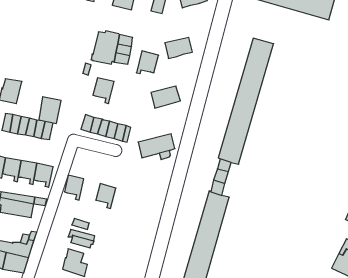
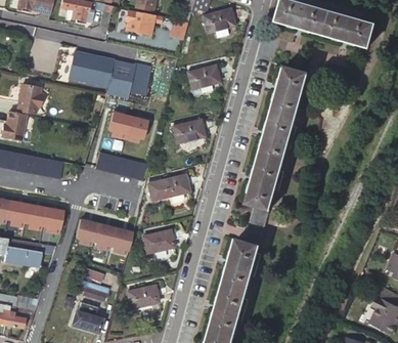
building: none -> [69,53,112,86]
building: [136,51,159,74] -> [123,116,147,141]
building: [39,97,61,123] -> [17,85,42,115]
building: none -> [91,224,114,253]
building: none -> [140,230,173,255]
building: none -> [127,286,159,309]

